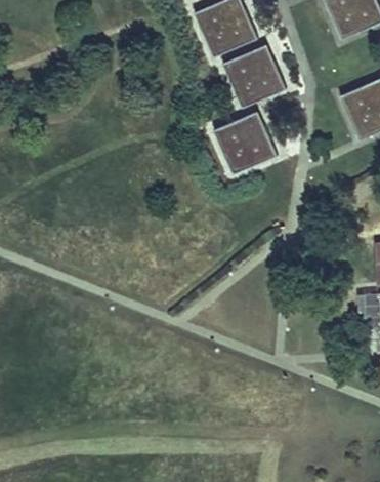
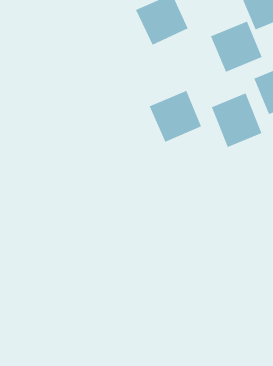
building: [222,43,286,106] -> [210,21,263,72]
building: none -> [211,93,262,148]

